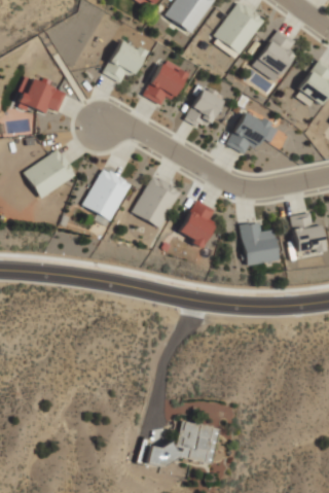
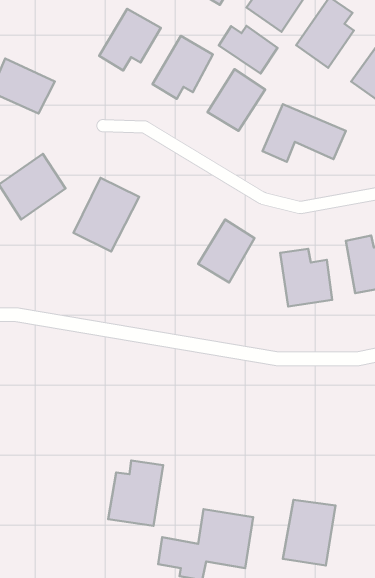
building: none -> [219,26,277,73]
building: [132,174,181,228] -> none
building: none -> [108,460,163,526]
building: none -> [283,500,335,566]

